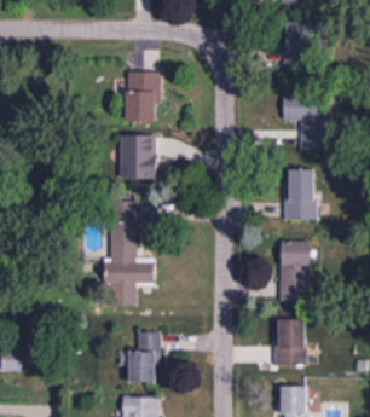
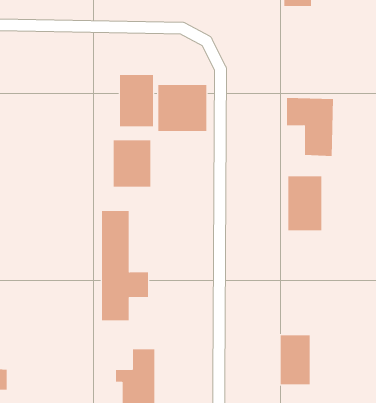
building: [284,24,313,74] -> none
building: none -> [158,84,207,132]
building: [281,242,310,300] -> none

